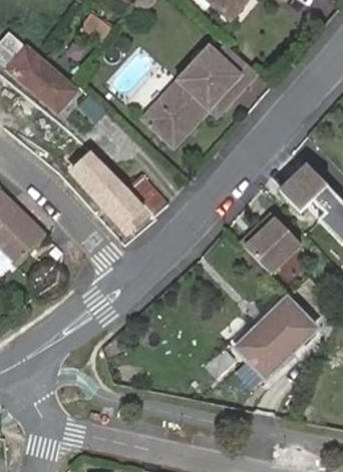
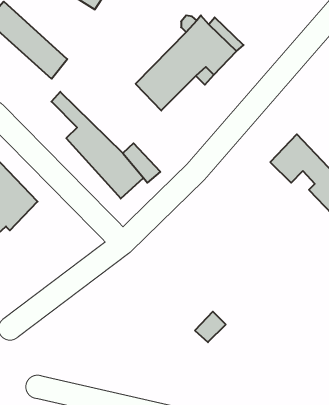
building: [240,210,300,271] -> none
building: [237,296,316,374] -> none

